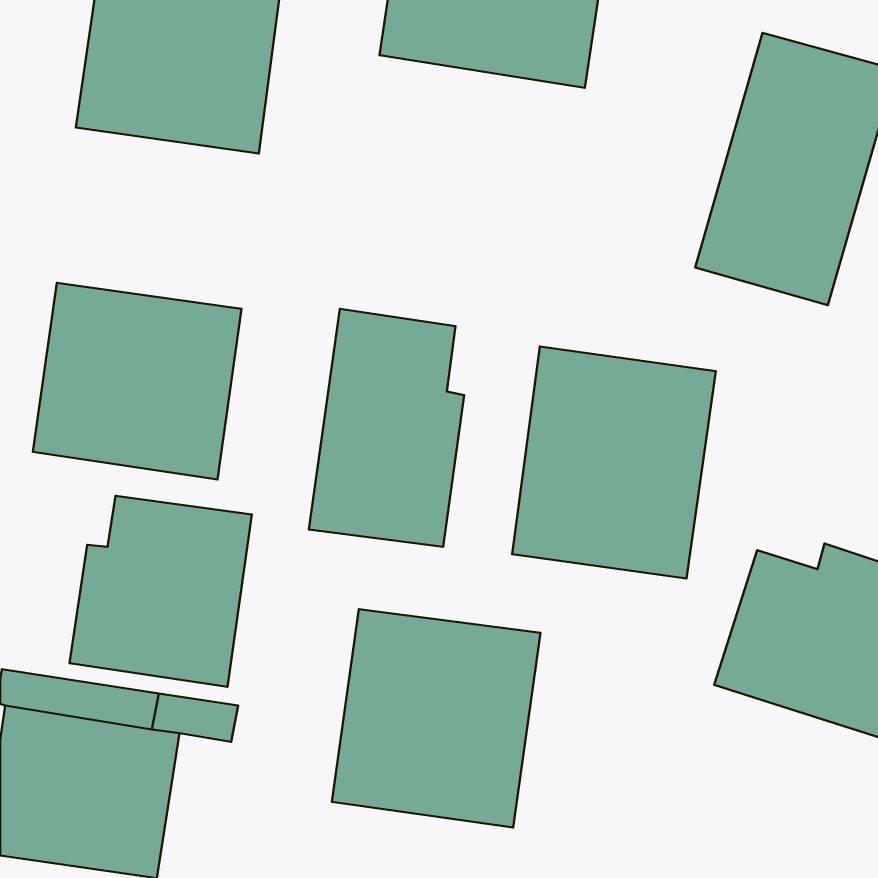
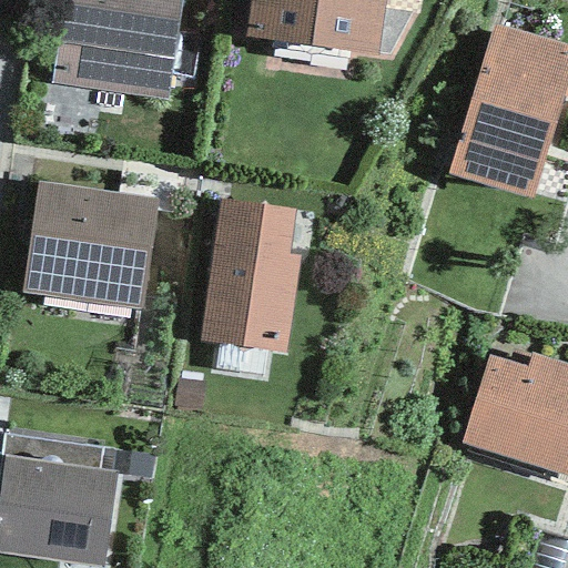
building: [512,346,716,578] -> none
building: [70,496,252,687] -> none
building: [332,609,541,828] -> none

